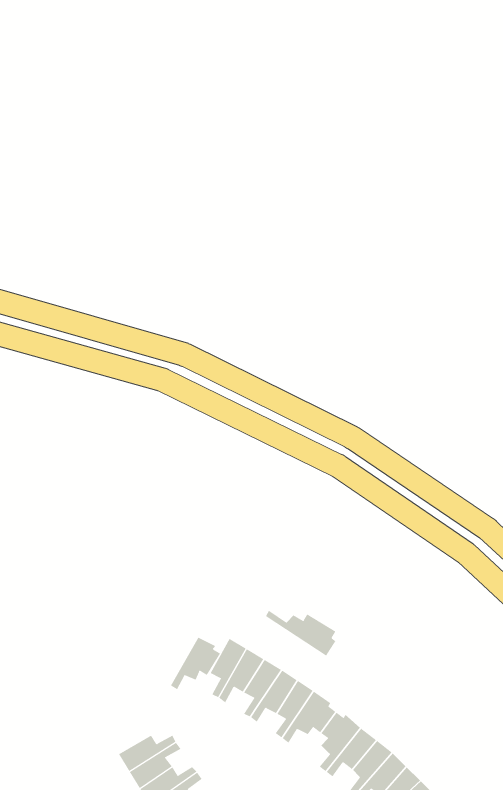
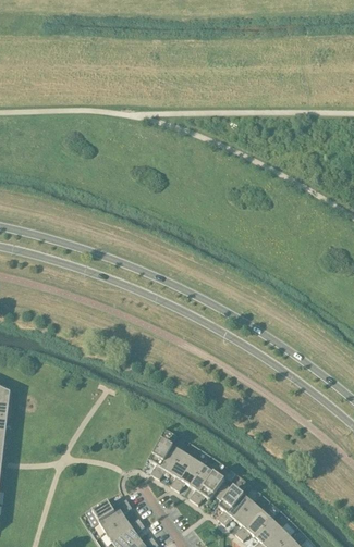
building: [265,610,336,657] -> none
building: [170,637,221,690] -> none

